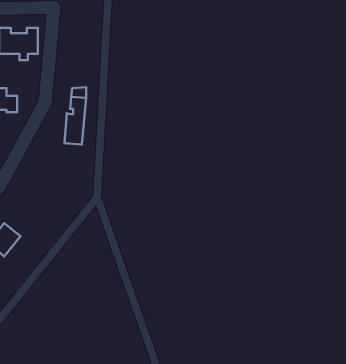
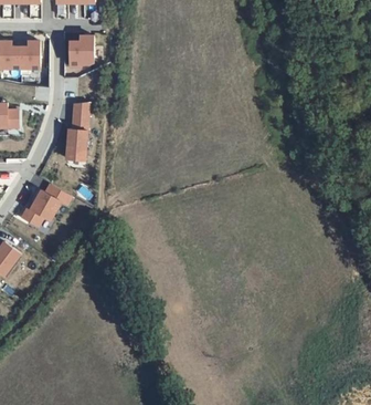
building: none -> [70,35,94,68]
building: none -> [21,184,71,227]

